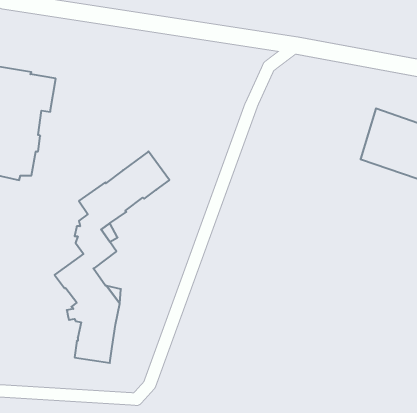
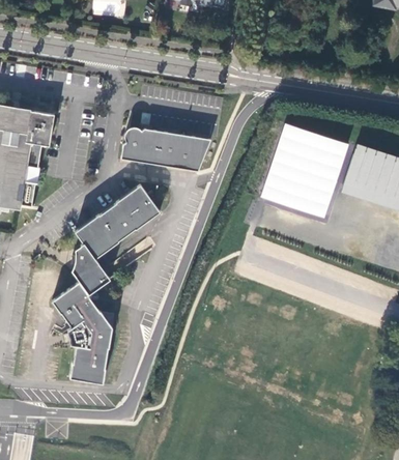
building: none -> [261,122,348,217]
building: none -> [122,127,212,171]

